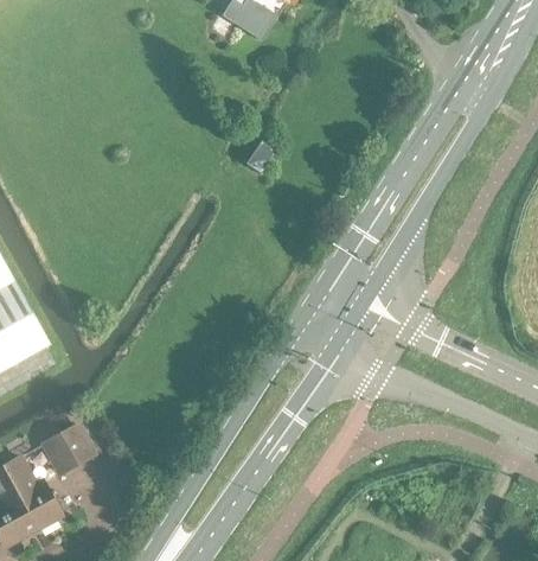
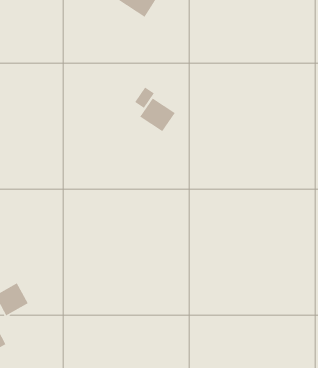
building: none -> [139,97,176,132]

